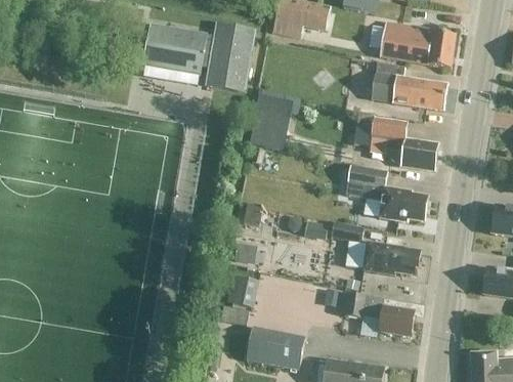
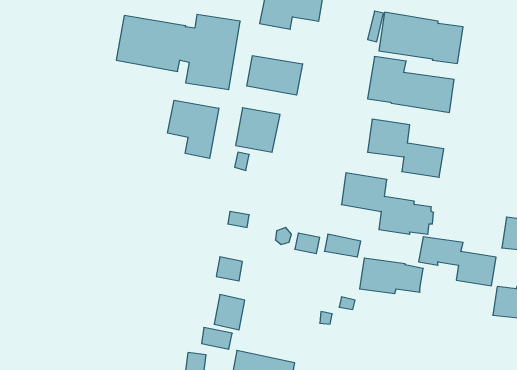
building: none -> [247,56,303,95]
building: none -> [168,100,219,158]
building: [344,292,414,336] -> [419,237,496,286]

